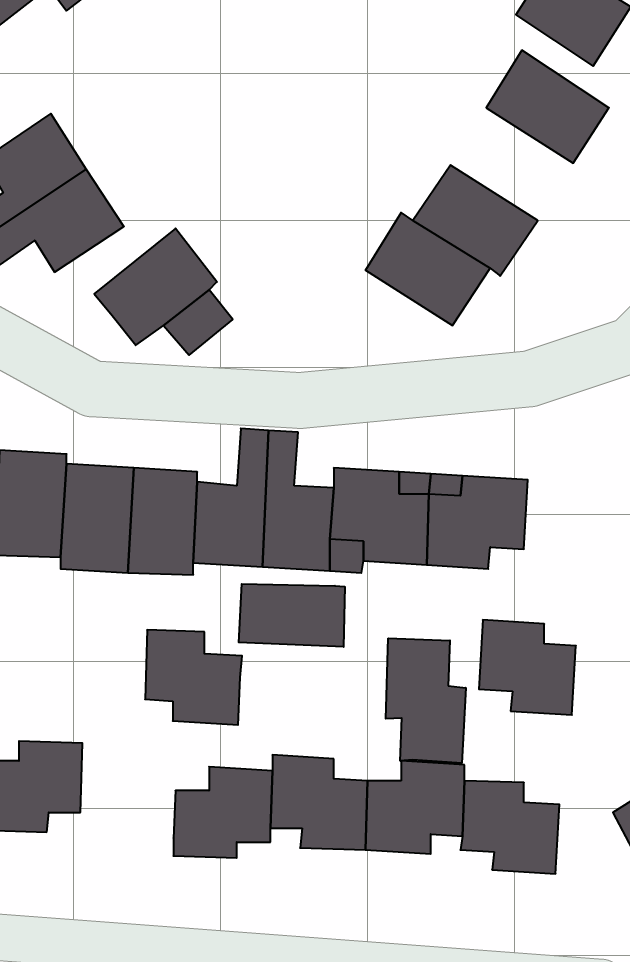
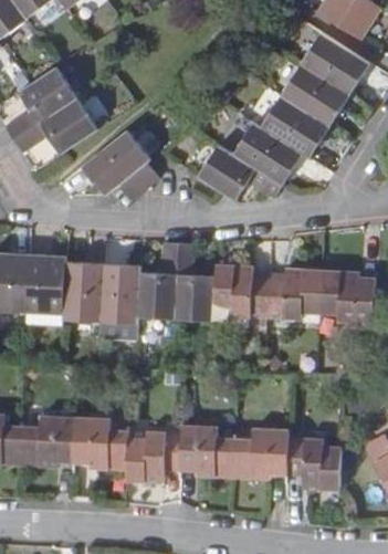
building: none -> [280,63,348,126]
building: none -> [197,144,281,200]
building: [239,584,345,647] -> none
building: [479,620,576,715] -> [321,271,375,324]
building: [145,630,242,725] -> [73,418,127,471]
building: [386,638,466,763] -> none

